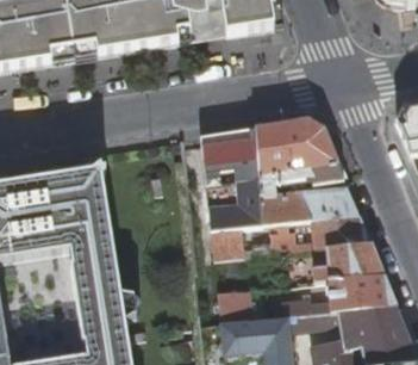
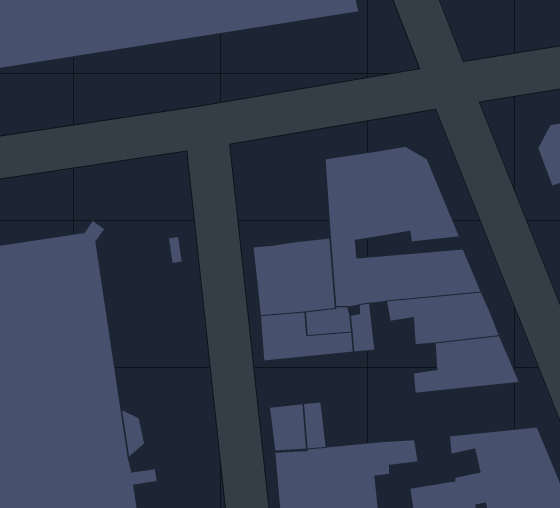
building: [192,123,258,182] -> none
building: [293,271,395,310] -> none

